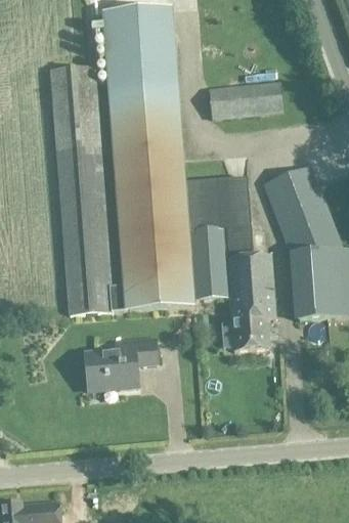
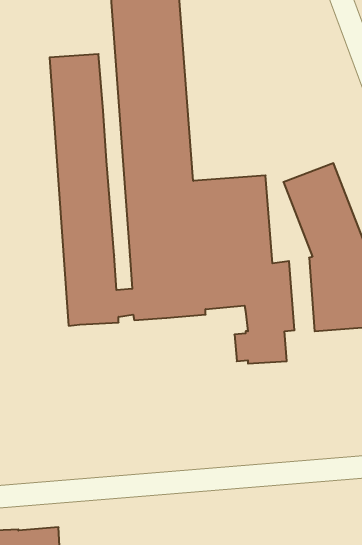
building: [211,80,285,117] -> none
building: [87,337,158,385] -> none

